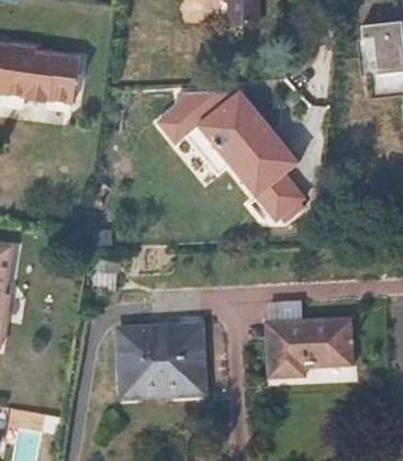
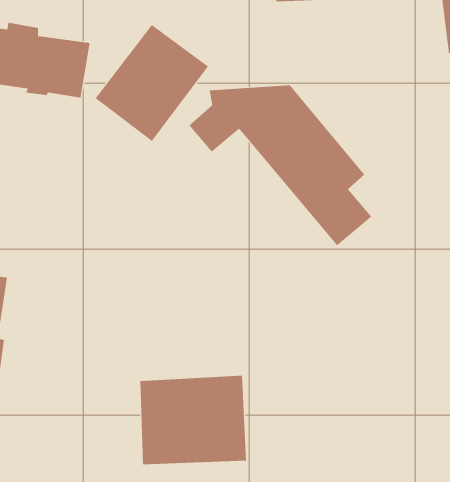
building: none -> [95,24,209,142]
building: [266,321,352,381] -> none

